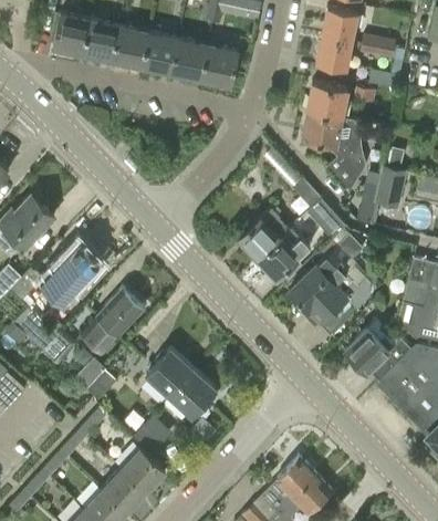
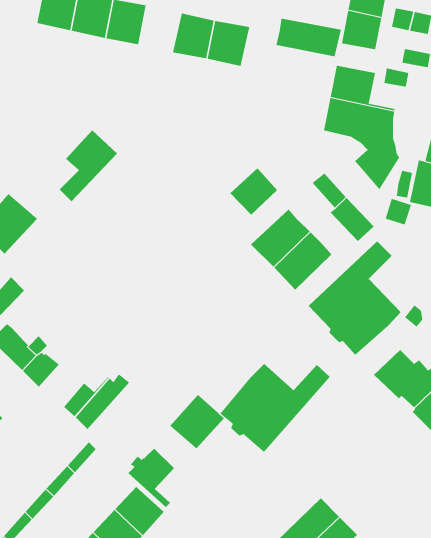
building: [142,32,178,73] -> none
building: none -> [276,18,341,57]
building: none -> [229,167,278,216]
building: [51,241,102,304] -> [59,129,118,202]
building: [82,288,145,347] -> none
building: none -> [220,363,330,453]
building: [146,348,192,396] -> none

